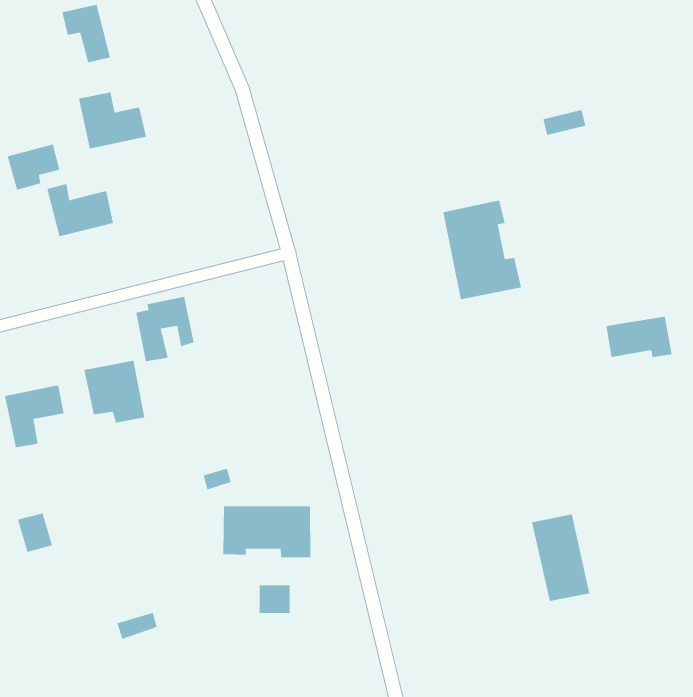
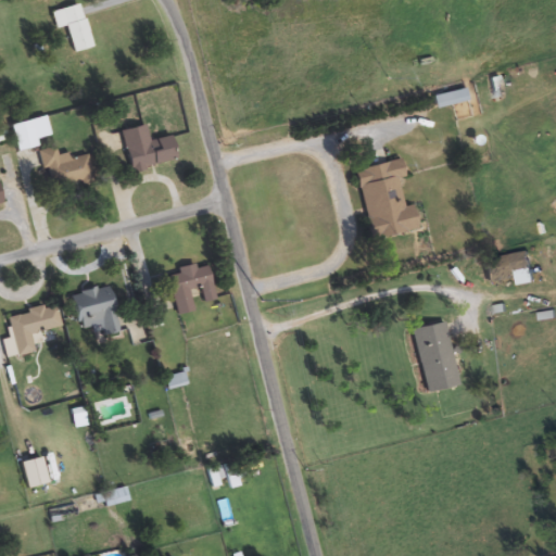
building: [78,92,147,149] -> [123,124,177,169]
building: [135,296,194,362] -> [170,262,217,314]
building: [223,505,311,558] -> none
building: [17,513,53,552] -> [21,456,49,488]
building: [531,514,590,602] -> [414,320,460,390]

